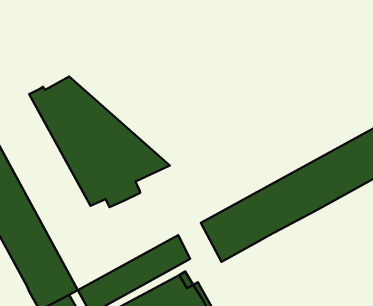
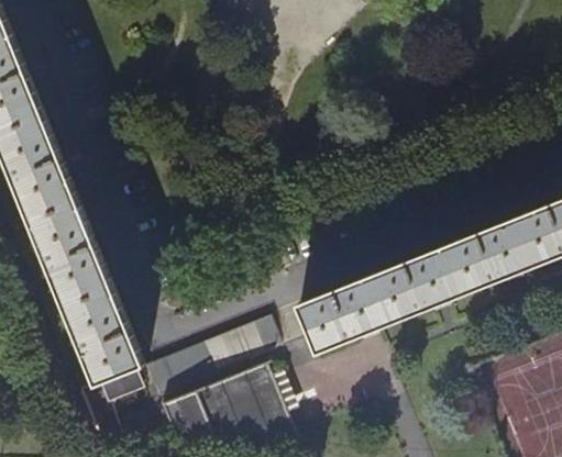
building: [29,76,170,207] -> none

